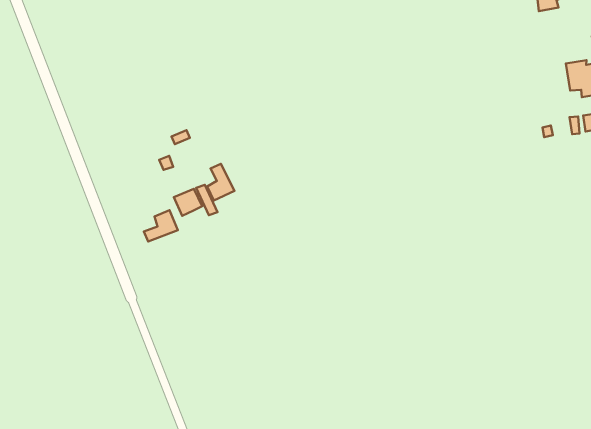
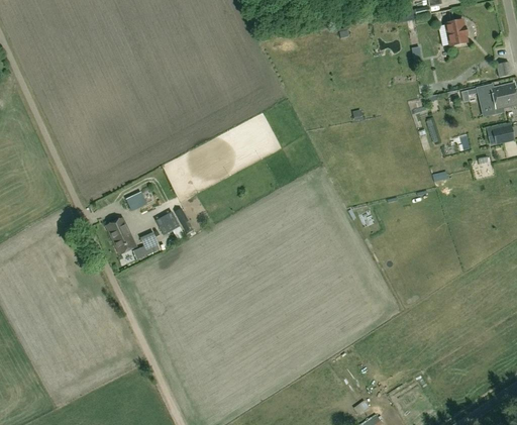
building: [207,164,234,200] -> none
building: none -> [106,217,136,253]

